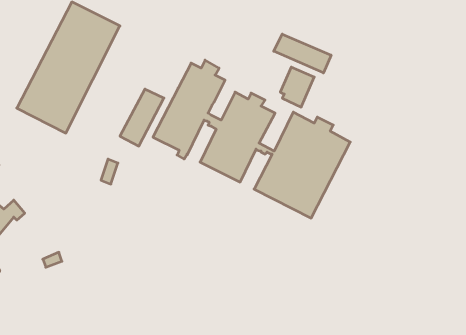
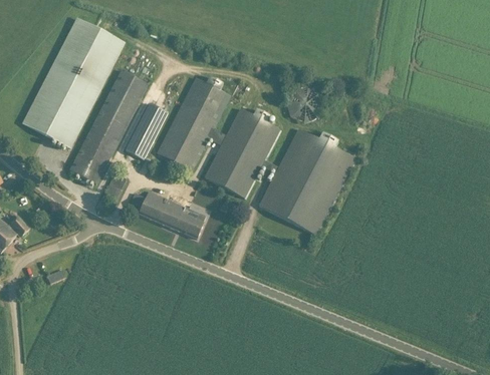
building: [274,34,331,73] -> none
building: none -> [69,69,147,182]
building: none -> [128,191,203,238]

